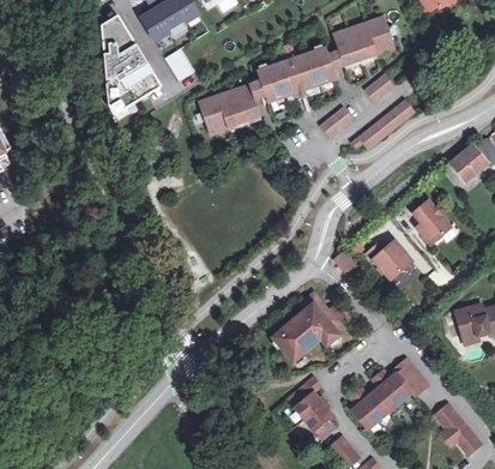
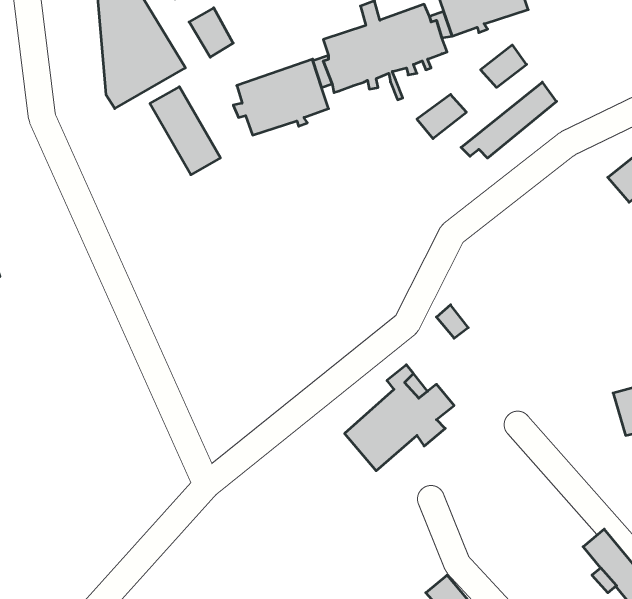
building: none -> [150,87,220,175]
building: [412,198,449,242] -> none
building: [372,239,411,278] -> none
building: [349,356,428,428] -> none
building: [286,374,334,438] -> none

